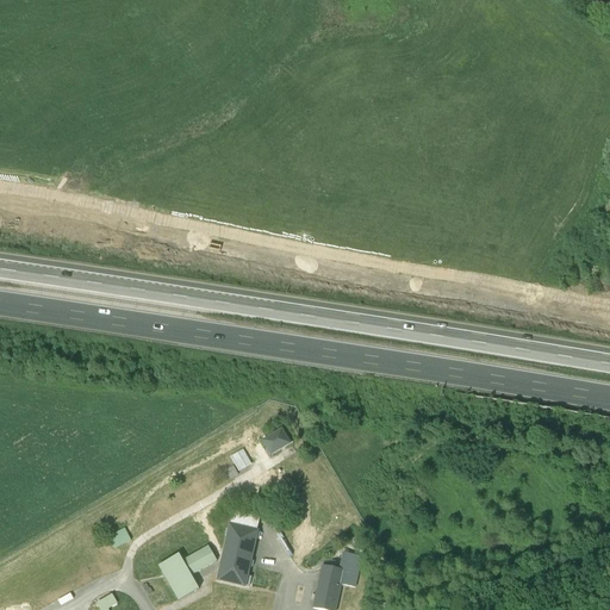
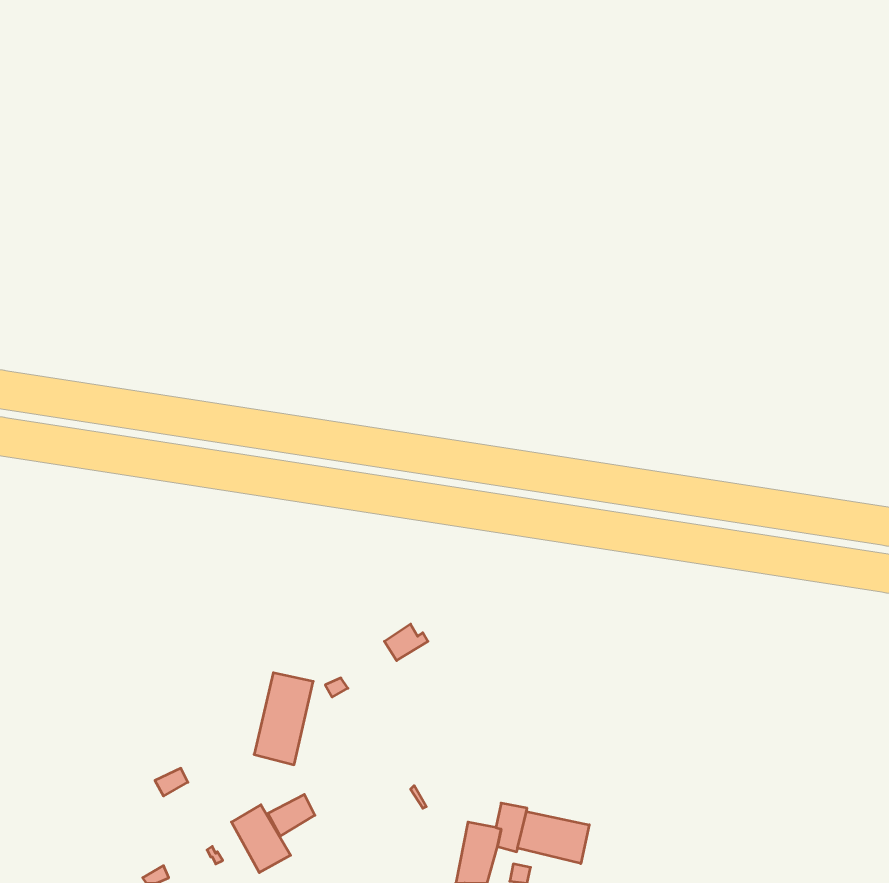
building: [218,523,259,586] -> [254,673,313,765]
building: none -> [518,811,589,864]

